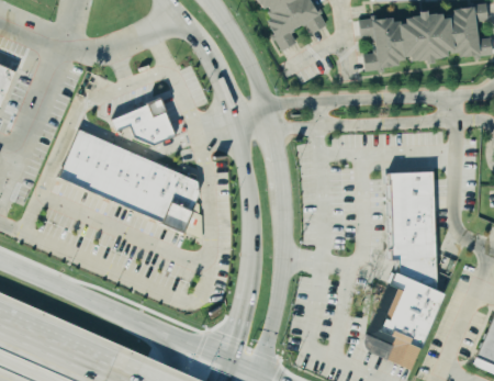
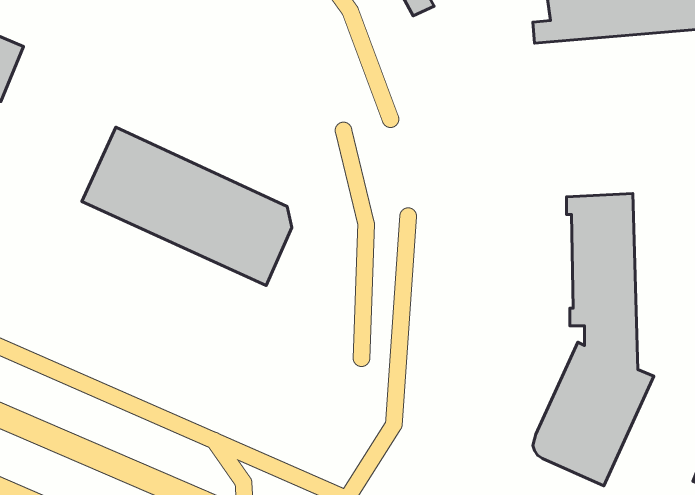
building: [112,97,176,145] -> none

